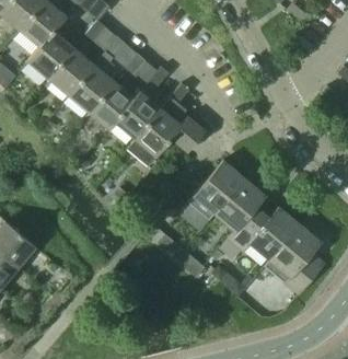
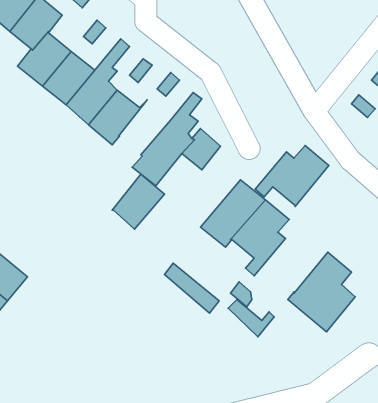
building: [116,91,162,139] -> [112,174,164,229]
building: [235,207,300,260] -> [255,146,329,207]

